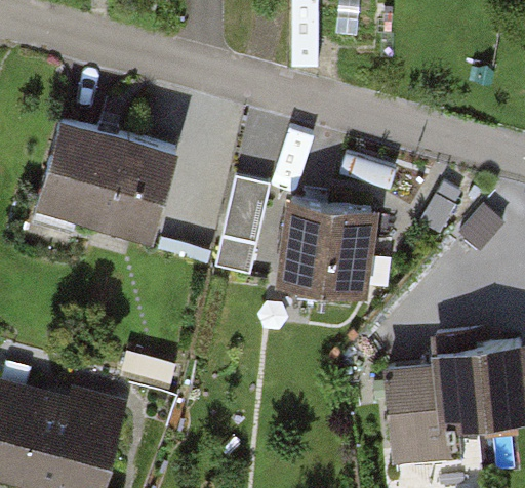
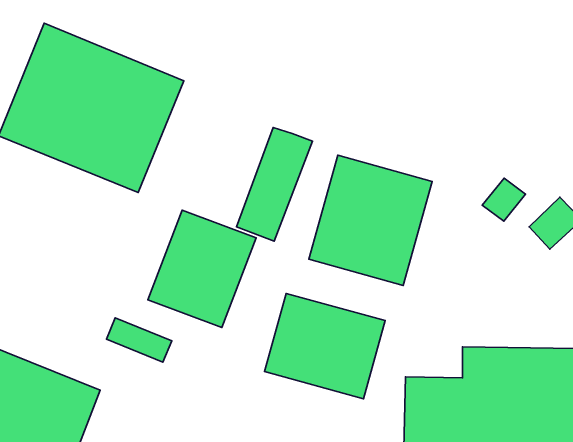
building: none -> [148,210,256,328]
building: none -> [265,293,385,399]

